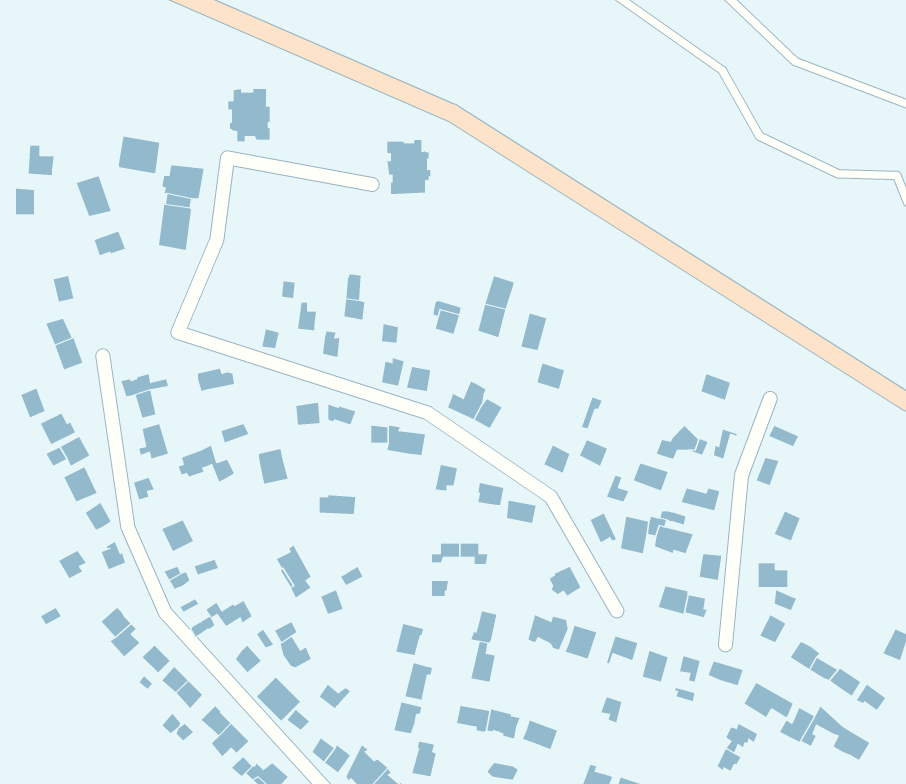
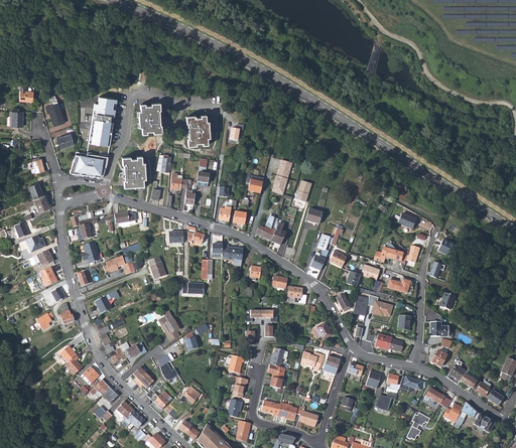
building: [228,88,270,142] -> [137,103,161,133]
building: [118,136,160,174] -> none
building: [387,139,431,195] -> [185,115,211,146]
building: none -> [75,152,104,173]
building: none -> [121,156,146,187]

